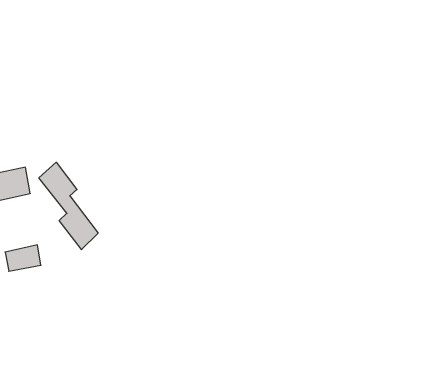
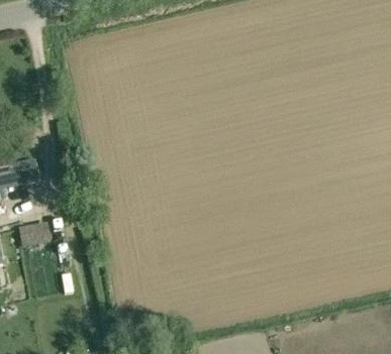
building: [39,162,98,250] -> none

